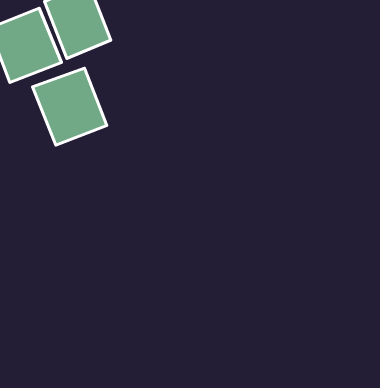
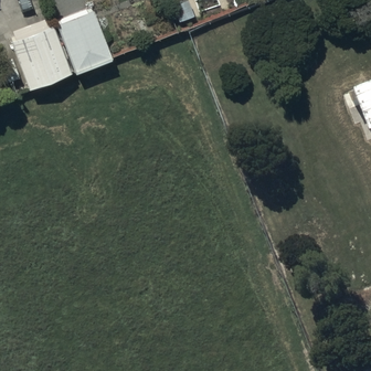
building: [33,68,107,145] -> none

